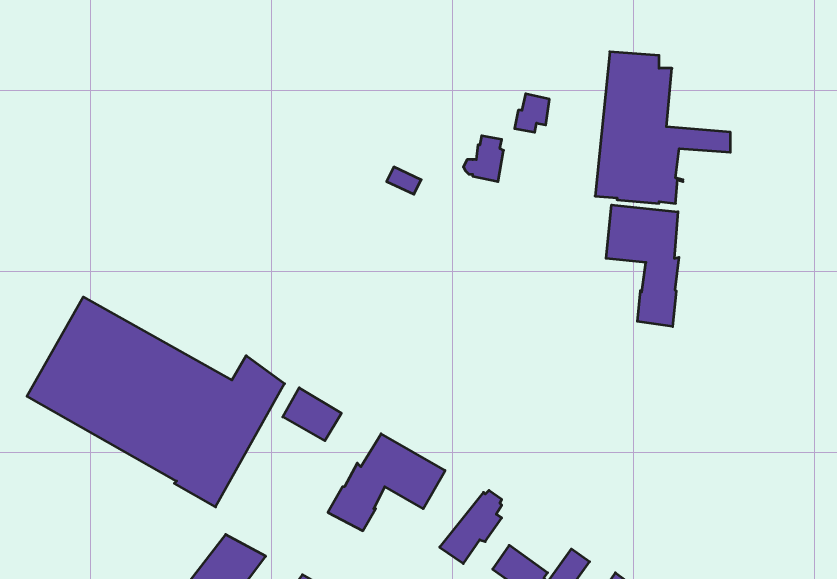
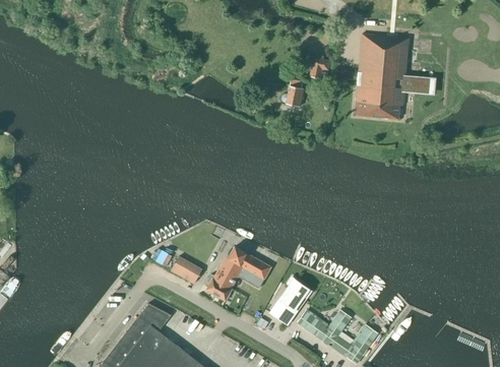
building: [606,205,679,327] -> none
building: [27,297,285,507] -> none
building: [283,388,341,441] -> [171,256,203,286]

